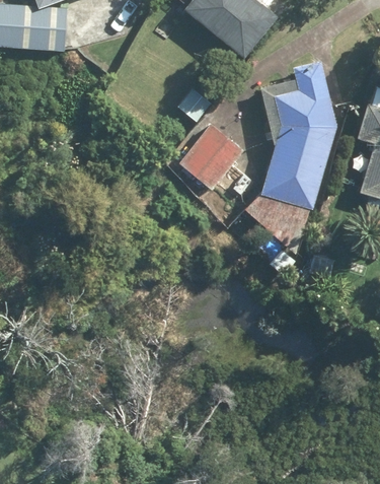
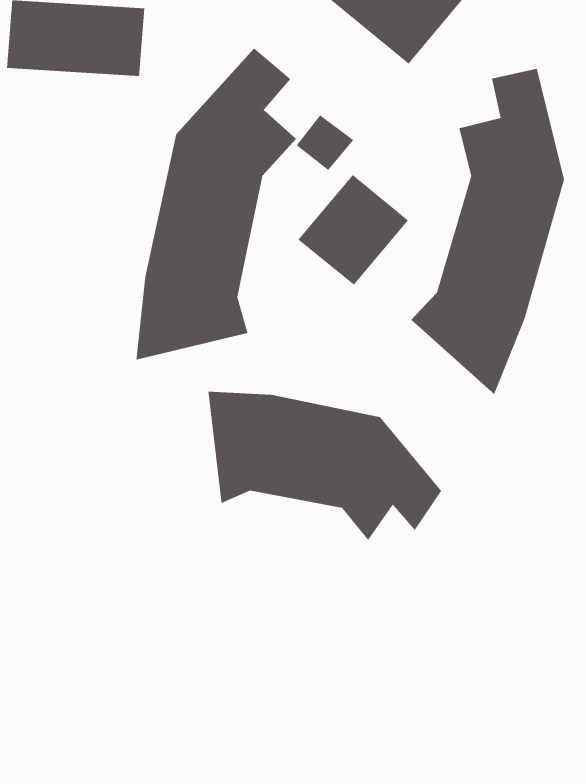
building: none -> [136,47,297,361]
building: none -> [208,391,442,541]

